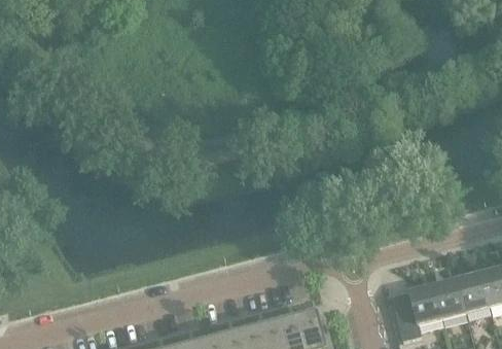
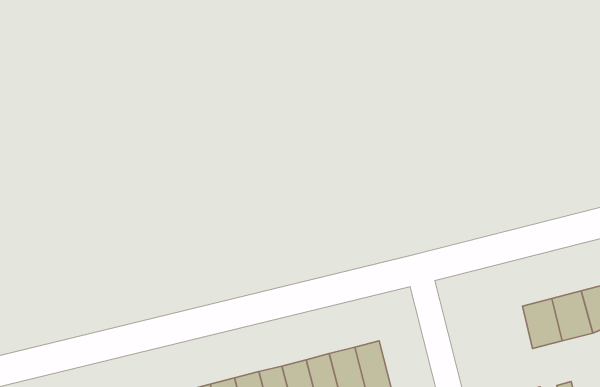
building: [390,281,440,337] -> none

